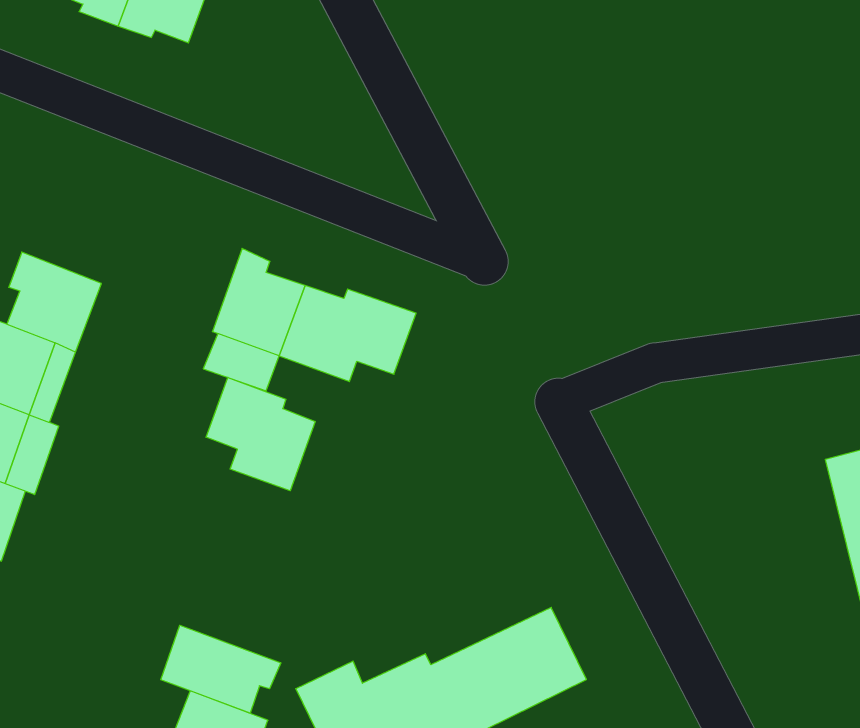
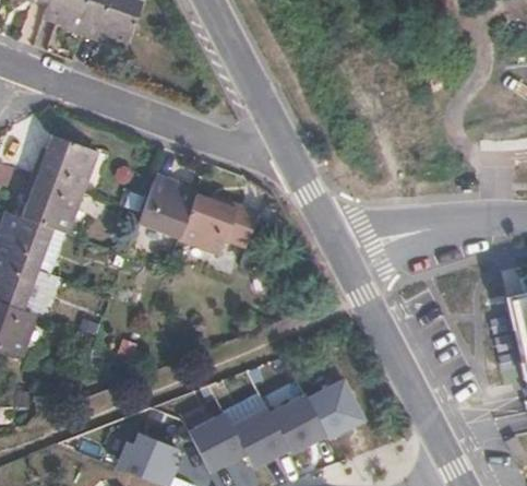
building: none -> [29,130,92,189]
building: [206,377,315,491] -> none
building: [161,625,281,713] -> none

